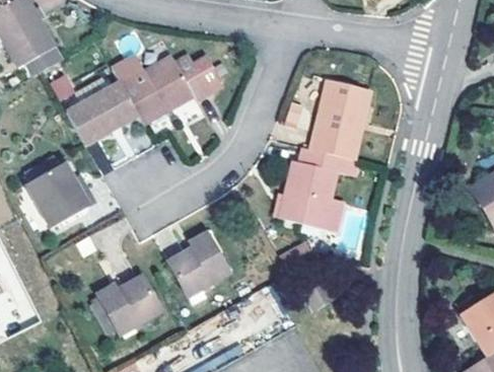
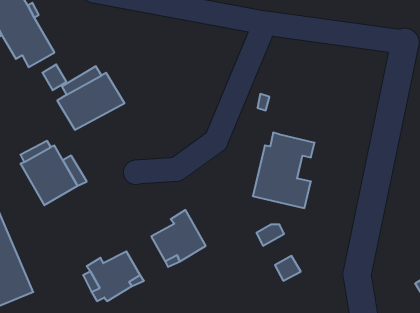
building: [122,54,222,122] -> none
building: [310,80,370,159] -> none

